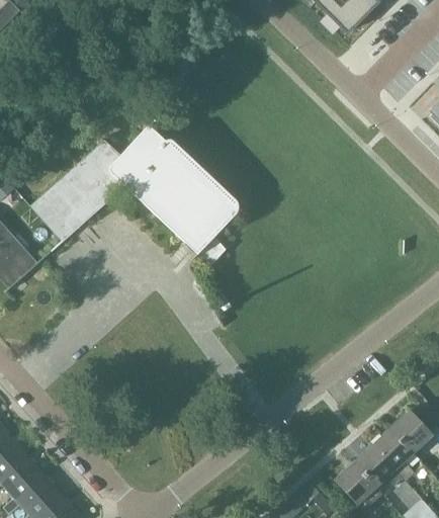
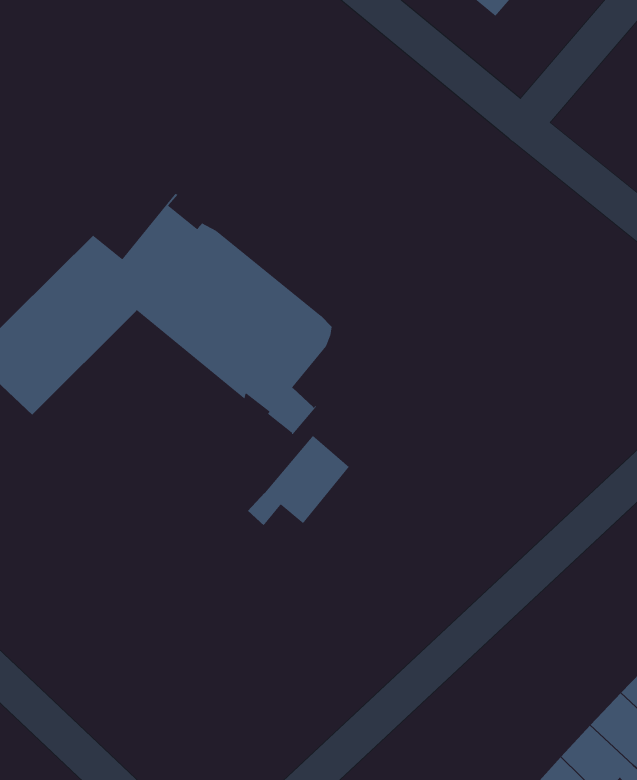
building: none -> [247,435,350,526]

